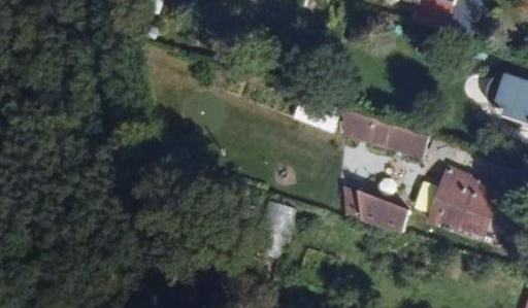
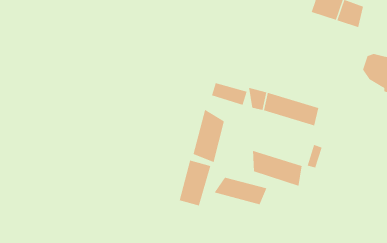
building: none -> [193,109,225,163]
building: [426,167,503,240] -> none
building: none -> [214,177,267,205]

